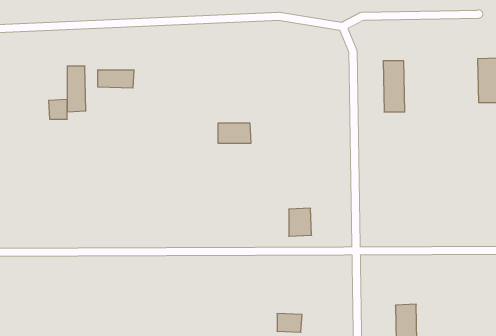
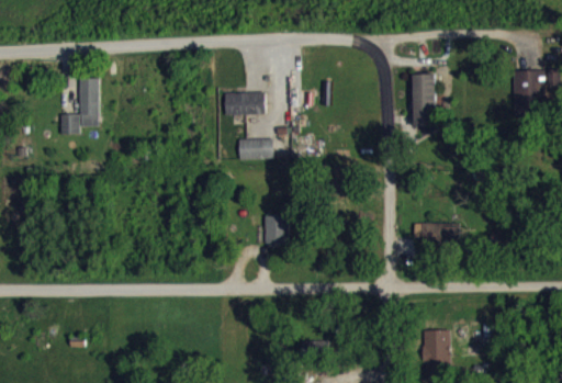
building: [98,70,134,88] -> none
building: none -> [224,91,265,115]
building: none -> [413,222,460,246]
building: [289,208,312,236] -> [265,214,289,244]

